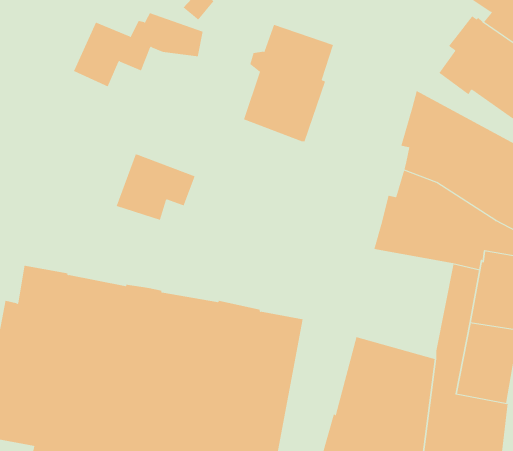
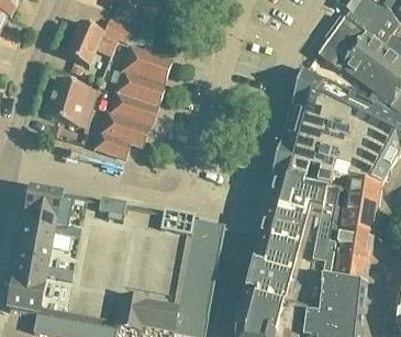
building: [243,24,334,142] -> [109,45,171,126]
building: none -> [46,78,97,126]
building: none -> [259,177,327,252]

